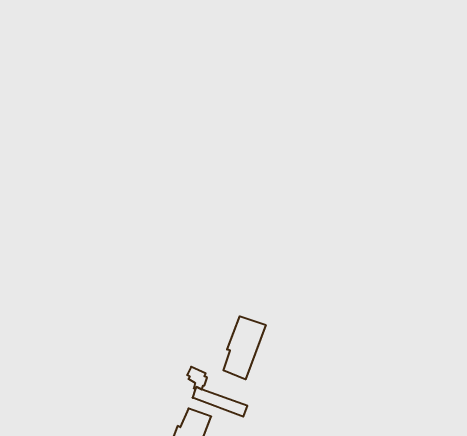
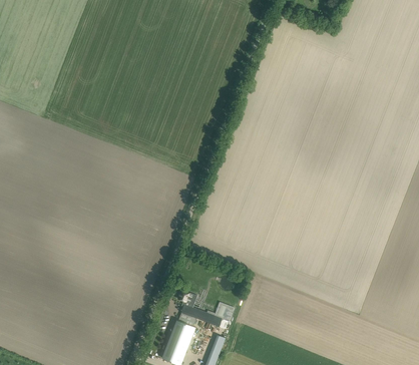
building: [223,316,266,379] -> none

